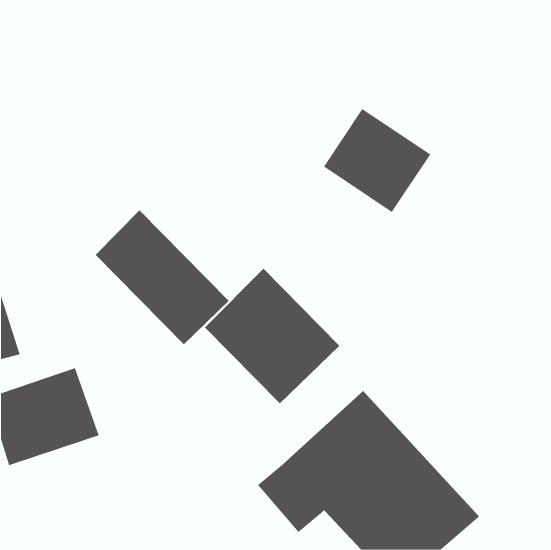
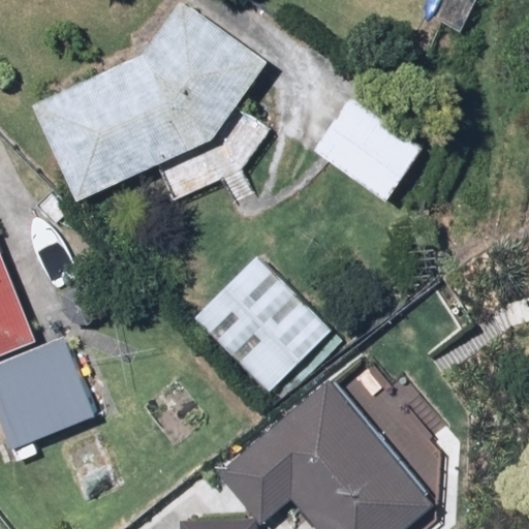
building: none -> [31,4,263,197]
building: [95,209,230,345] -> none

